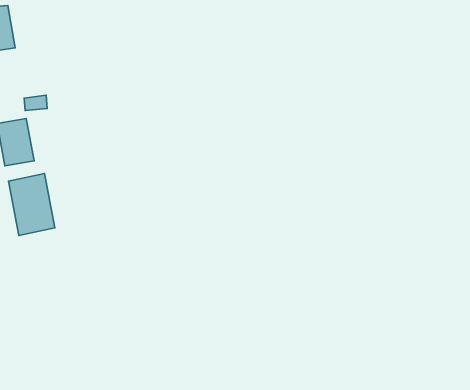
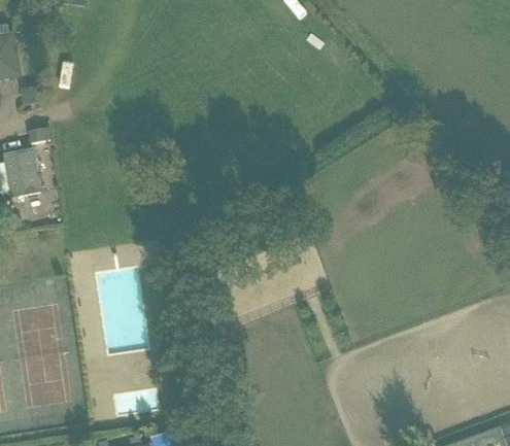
building: [9,174,55,235] -> none

